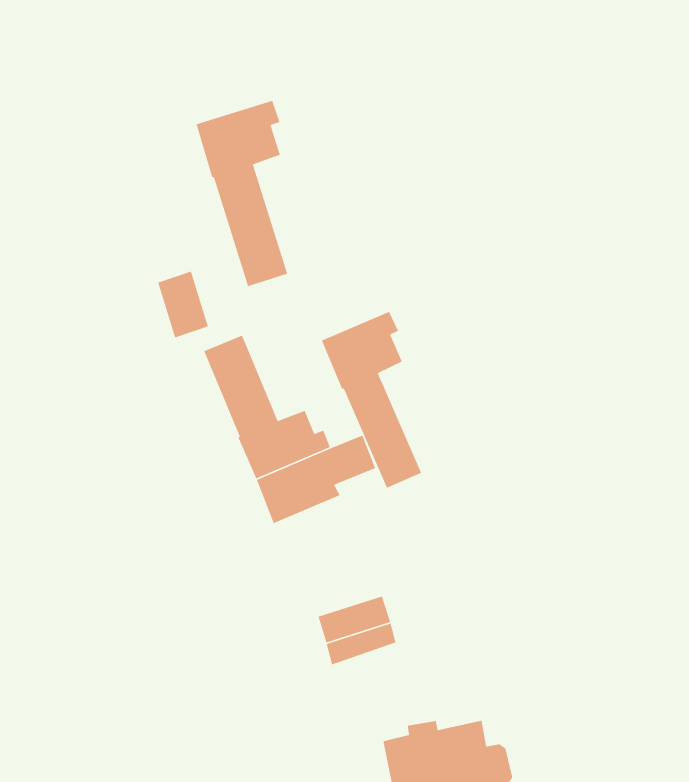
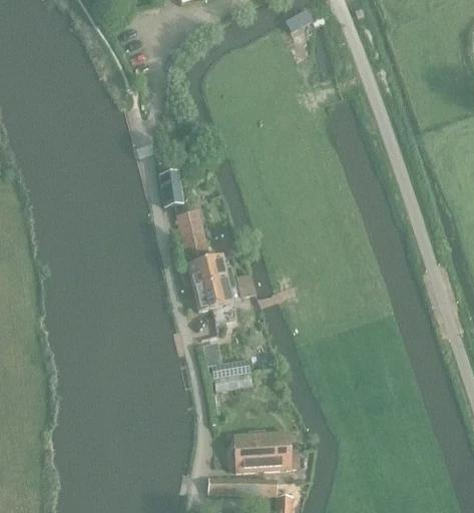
building: [195,100,288,287] -> none
building: [321,311,422,489] -> none

